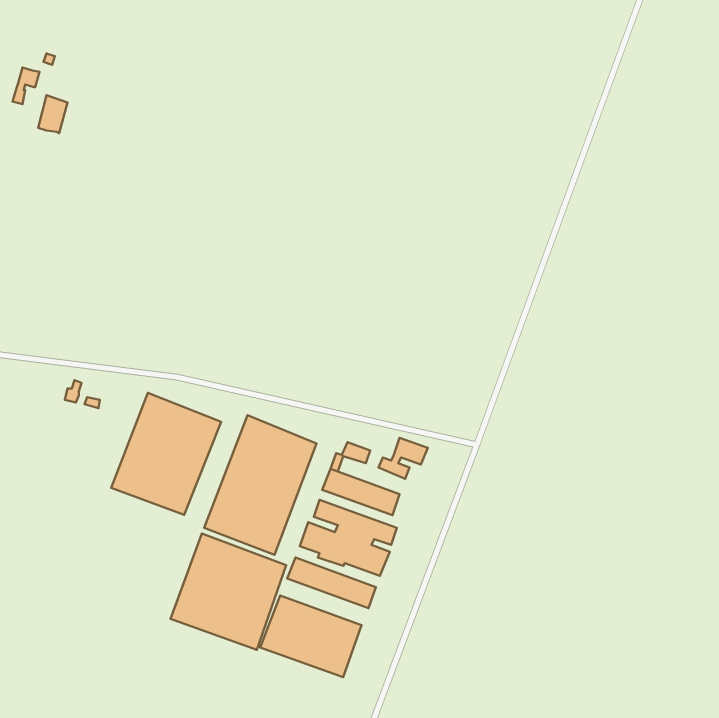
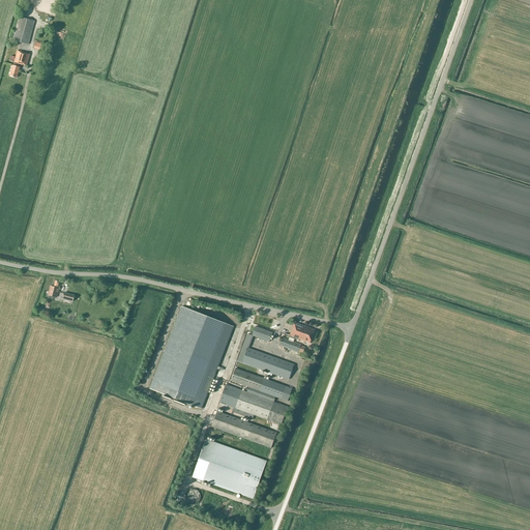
building: [38,95,68,133] -> [12,16,34,43]
building: [111,393,221,515] -> none
building: [170,534,286,650] -> none

